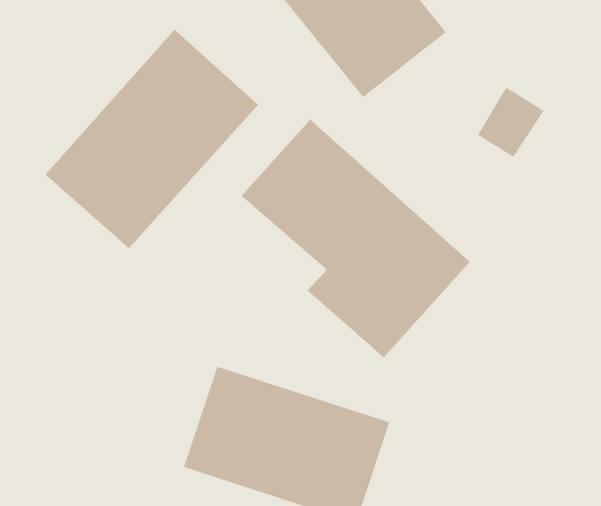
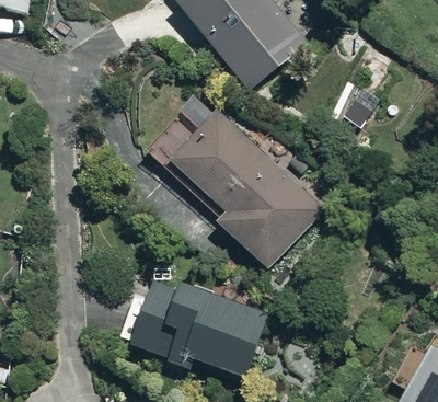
building: [44,29,259,249] -> none

